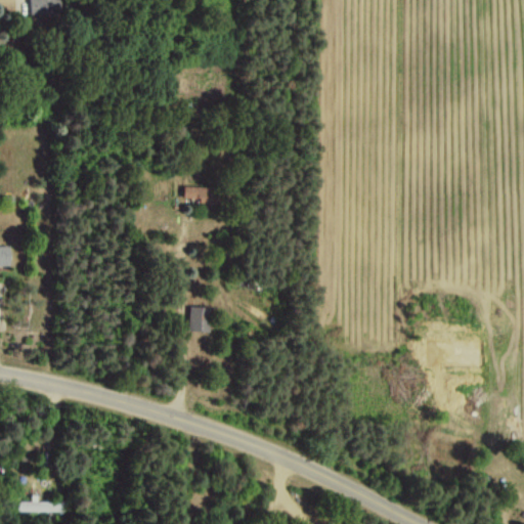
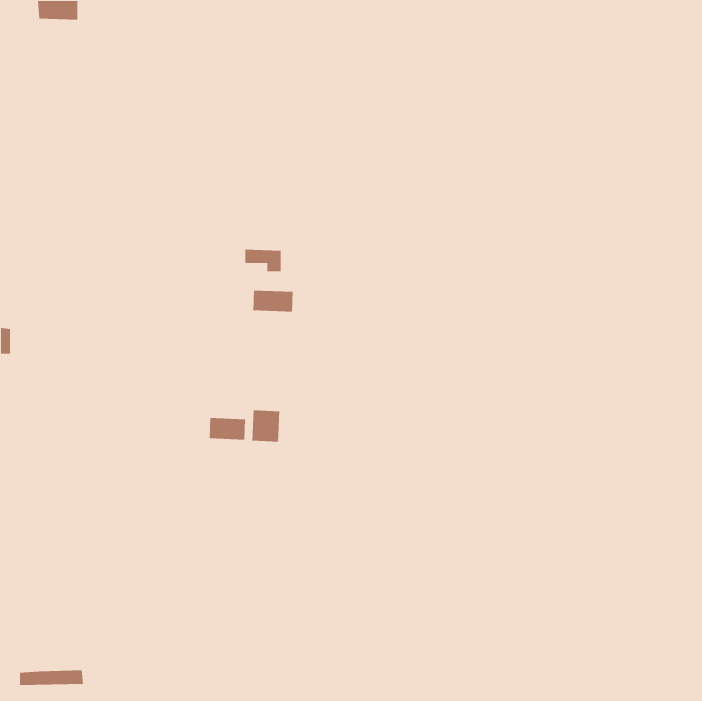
building: none -> [253,290,293,312]
building: none -> [209,417,246,440]

